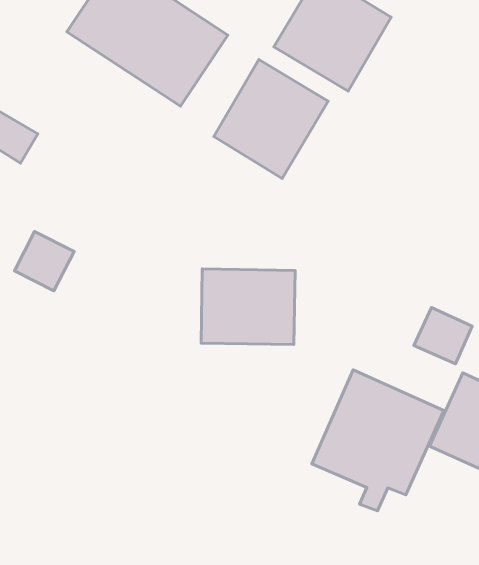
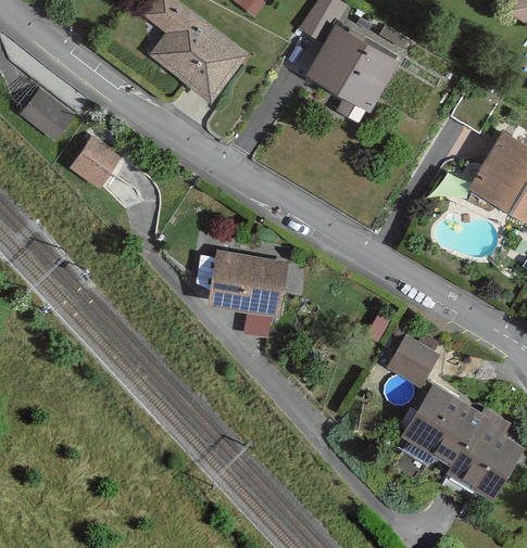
building: [214,60,328,179] -> none
building: [14,231,74,291] -> [74,143,128,197]
building: [312,370,444,511] -> none

